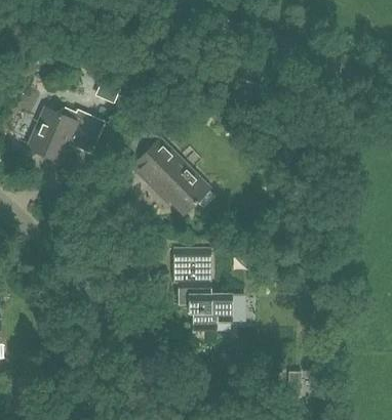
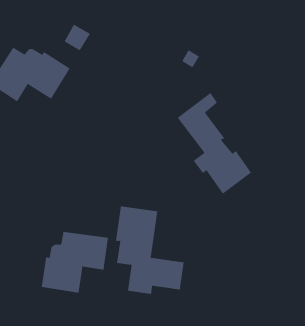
building: [128,116,209,214] -> [177,92,252,195]
building: none -> [41,231,108,293]

